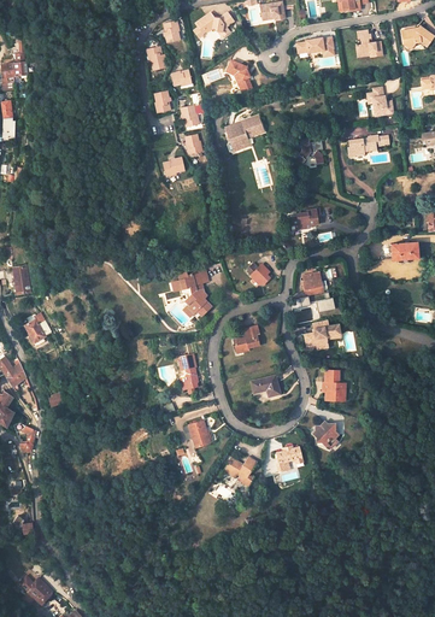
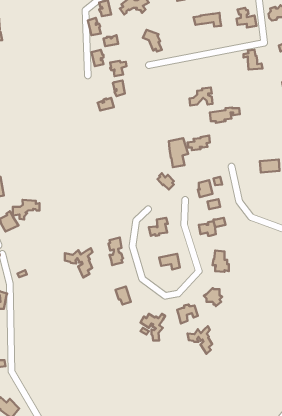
building: [224,117,264,151] -> none
building: [347,135,389,157] -> [210,107,240,123]
building: none -> [169,138,188,167]
building: [170,270,210,317] -> none
building: none -> [13,200,40,220]
building: none -> [65,248,92,277]
building: none -> [188,326,212,354]

